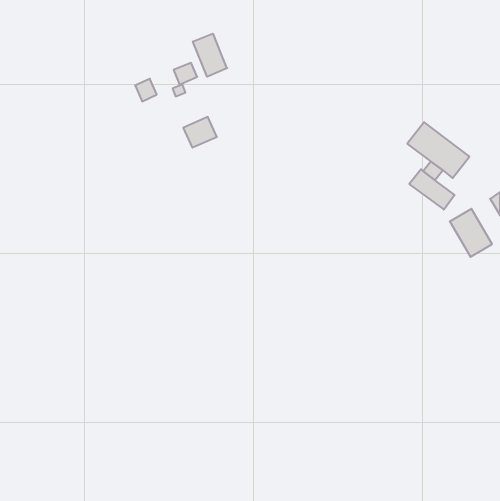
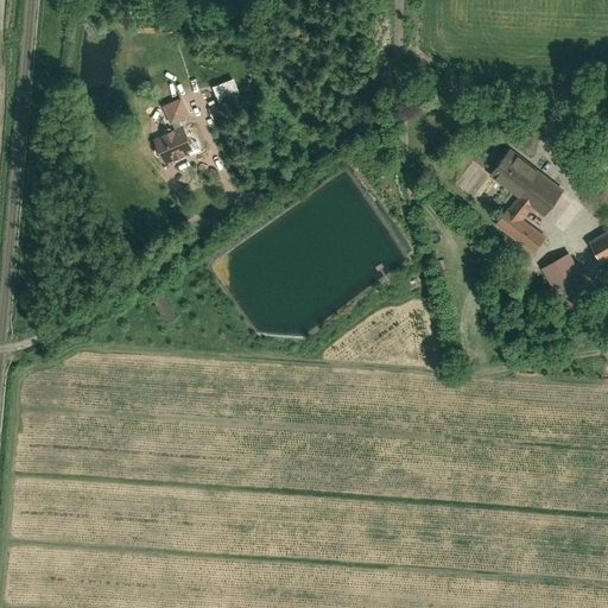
building: [193,34,227,77] -> none
building: [183,117,217,148] -> [153,128,194,165]

